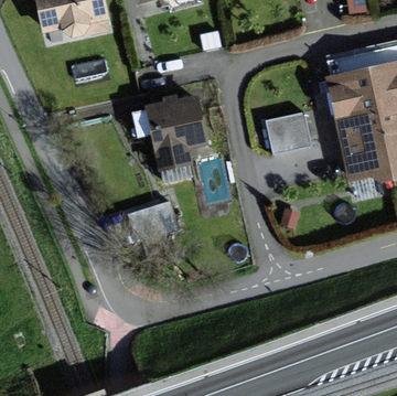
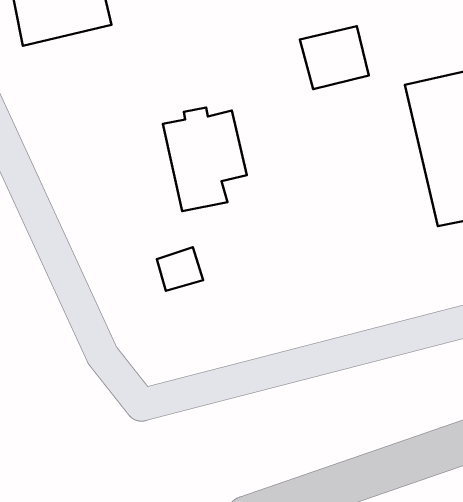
building: [265,105,315,151] -> [300,26,369,89]

